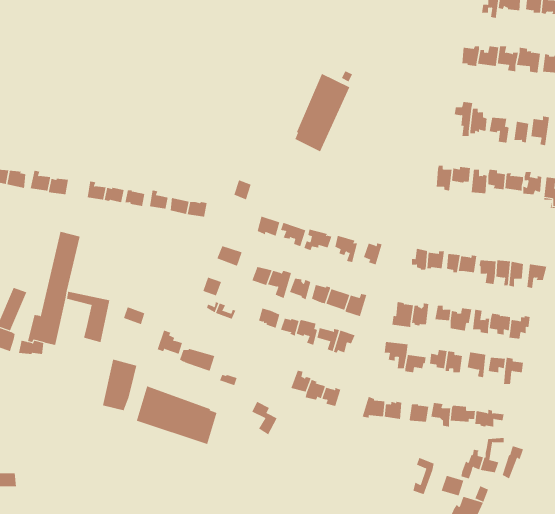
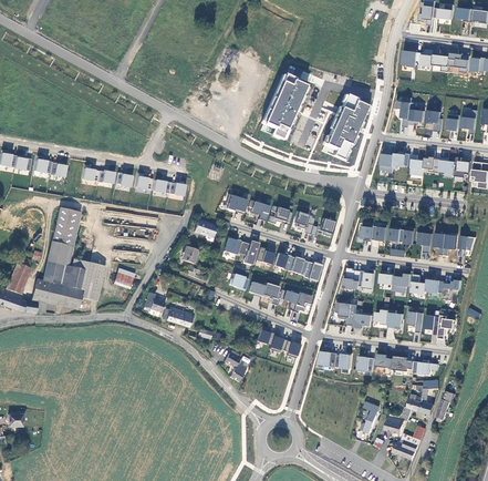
building: none -> [322,93,370,160]
building: [102,359,137,411] -> [56,265,86,309]
building: [136,386,217,445] -> none

